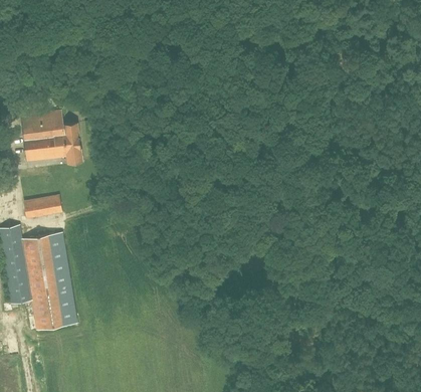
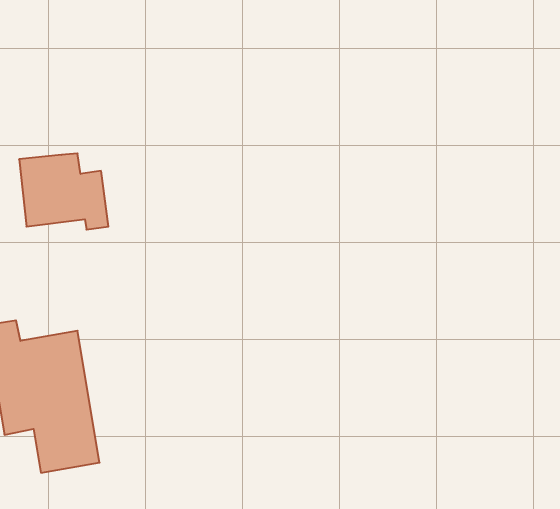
building: [23,196,61,219] -> none

